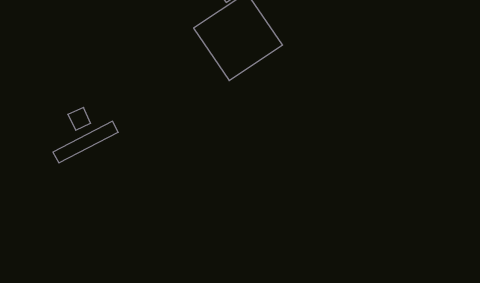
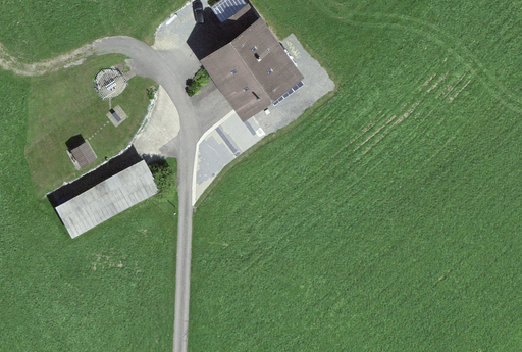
building: none -> [65,163,165,238]

